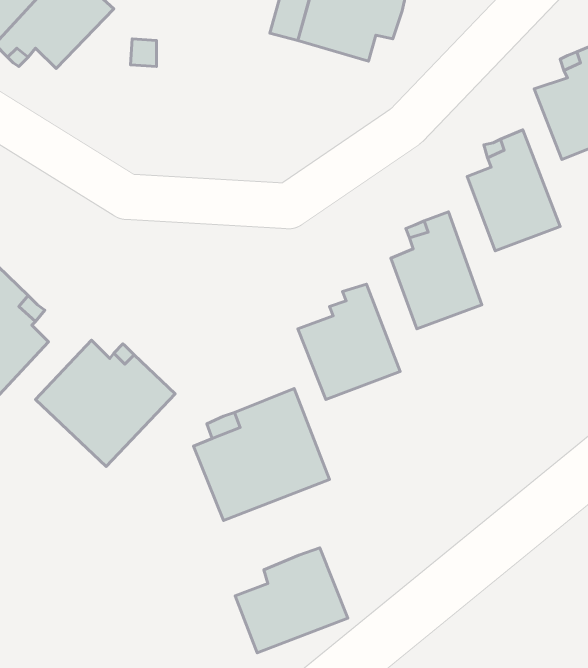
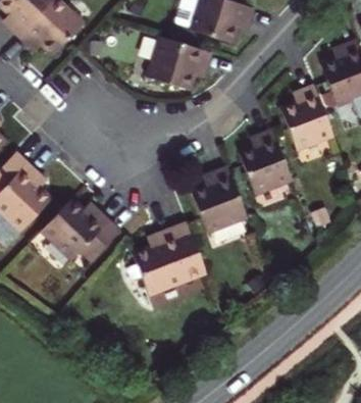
building: none -> [132,34,209,90]
building: [235,548,348,653] -> none

